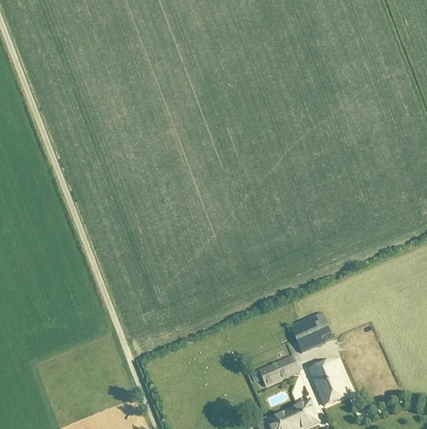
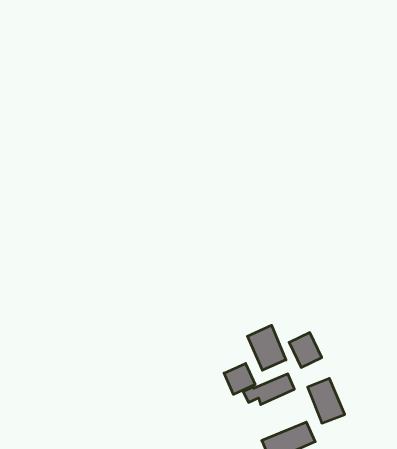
building: none -> [247,325,286,370]
building: none -> [224,363,255,394]

